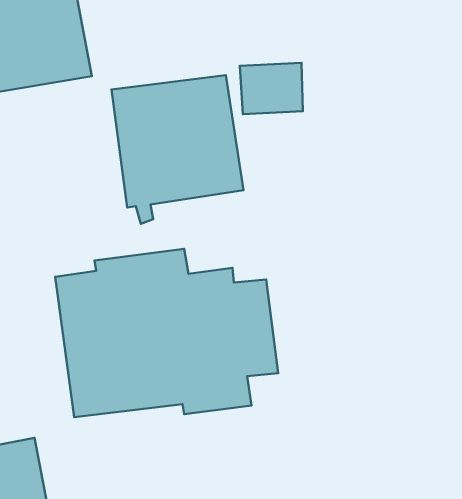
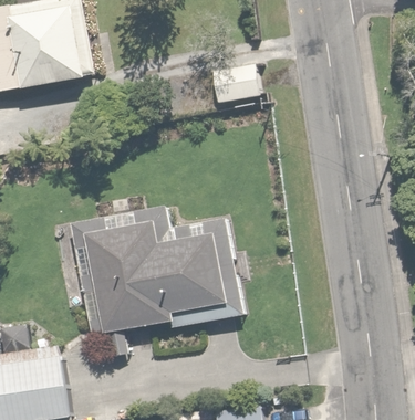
building: [112,75,243,224] -> none

